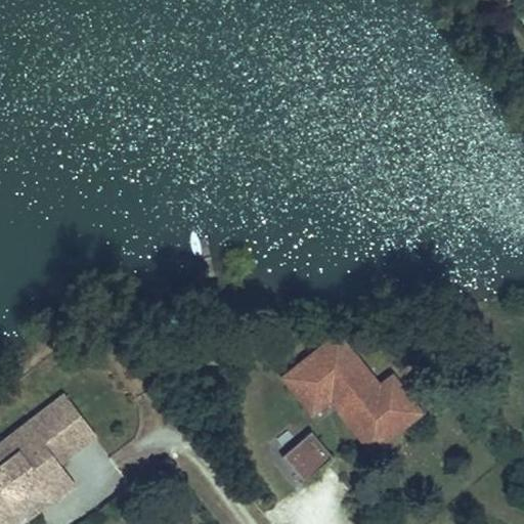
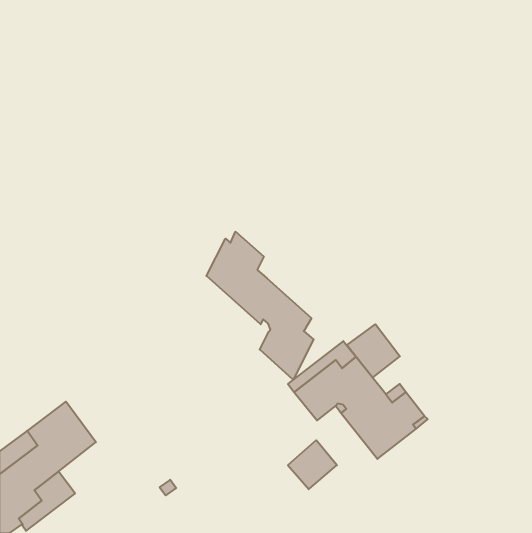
building: none -> [206,232,314,380]
building: none -> [347,324,400,378]

